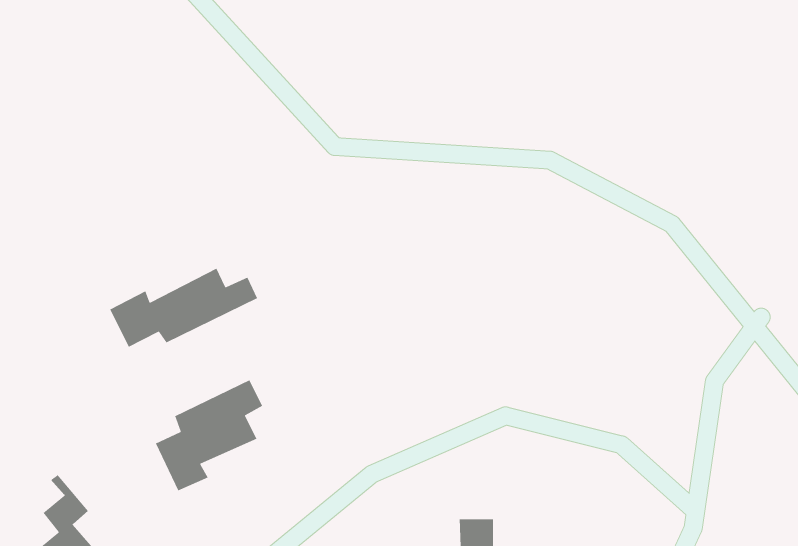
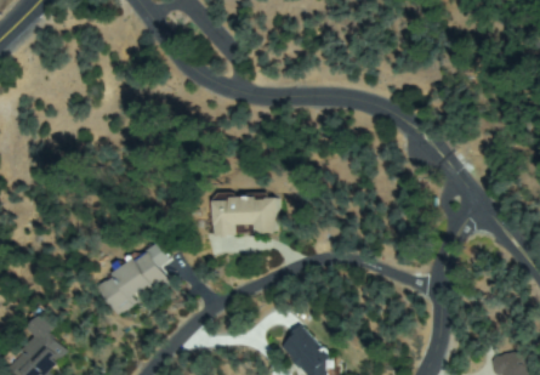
building: [109,268,258,348] -> none
building: none -> [210,192,277,234]

